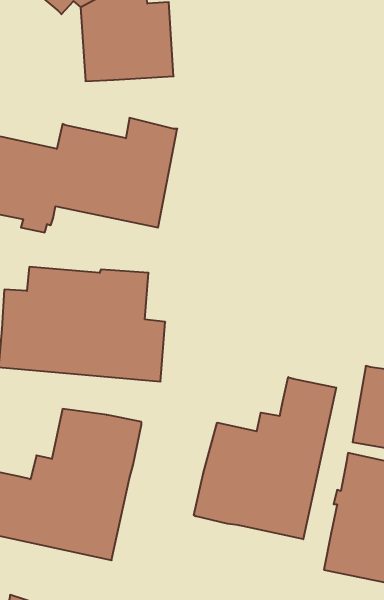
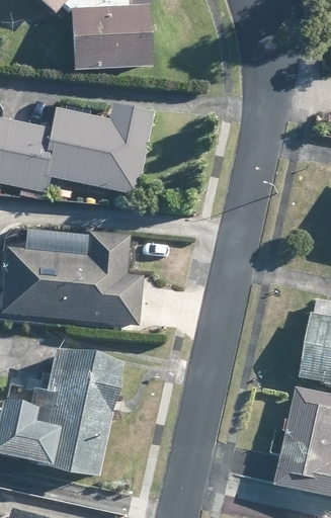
building: [194,377,336,539] -> none

